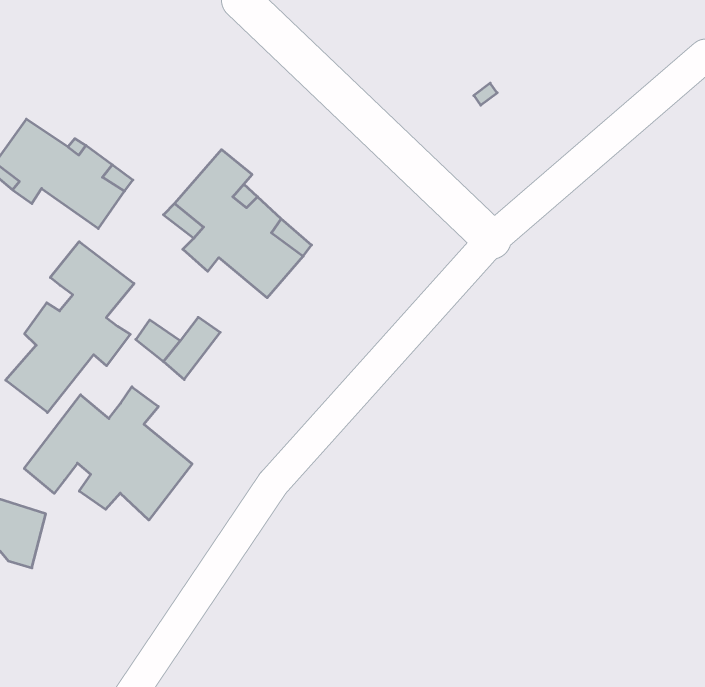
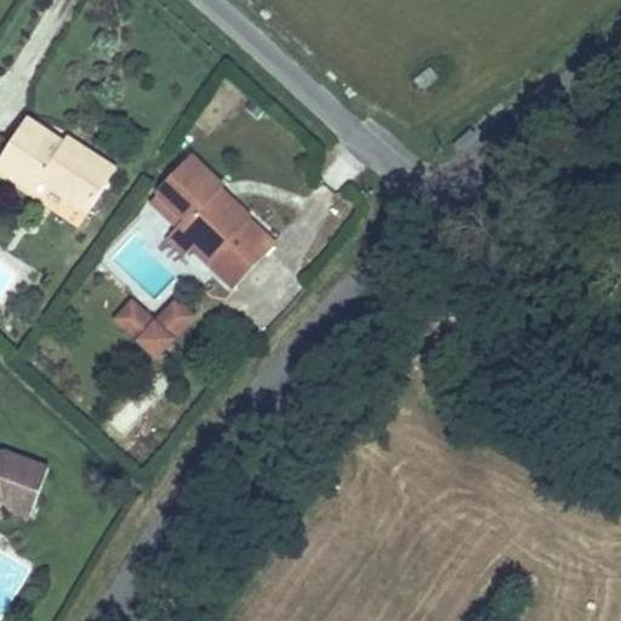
building: [6,242,134,413] -> none
building: [24,387,192,520] -> none

